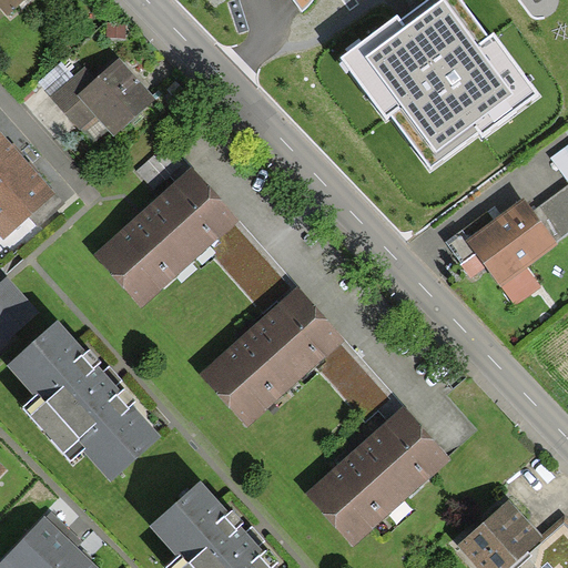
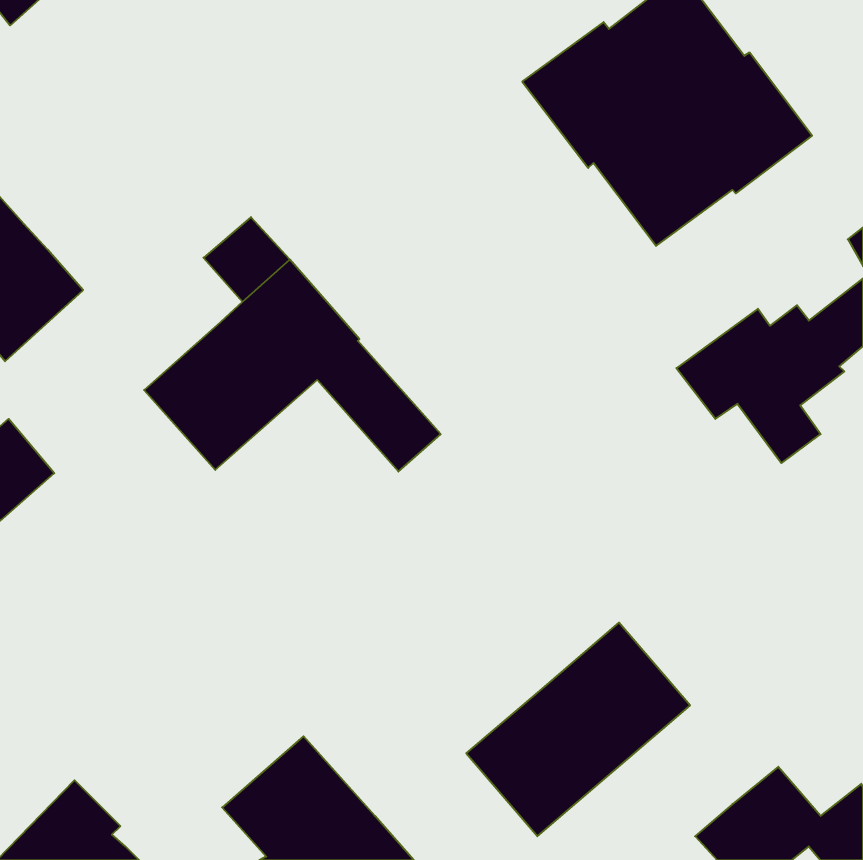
building: [38,58,152,135] -> none
building: [201,290,388,426] -> none
building: [6,321,164,488] -> none

